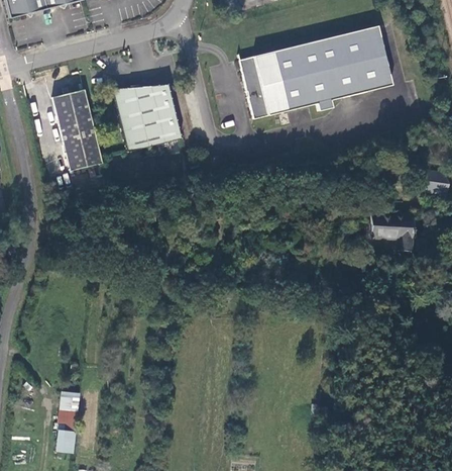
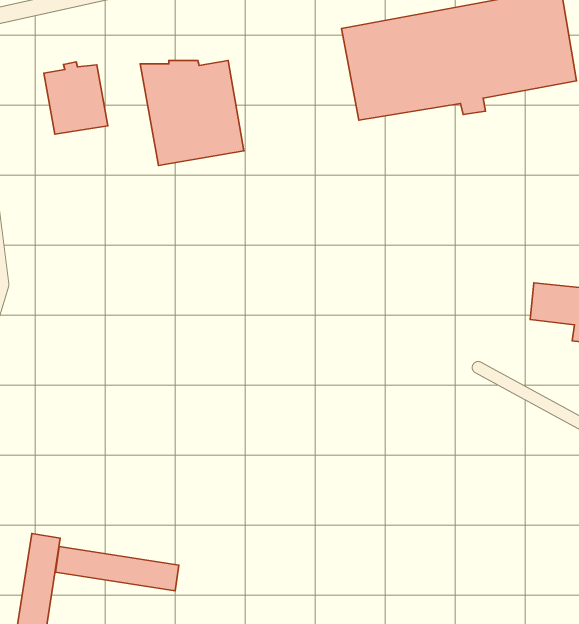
building: [63,128,105,171] -> none
building: none -> [55,547,179,591]

